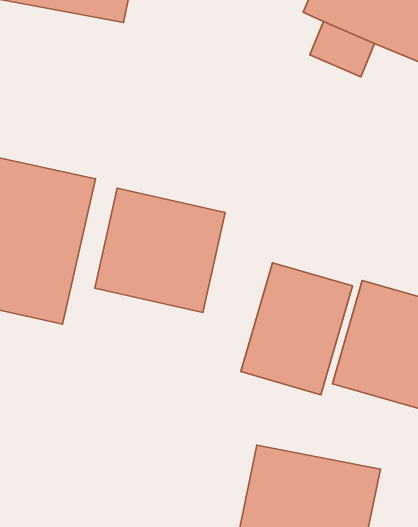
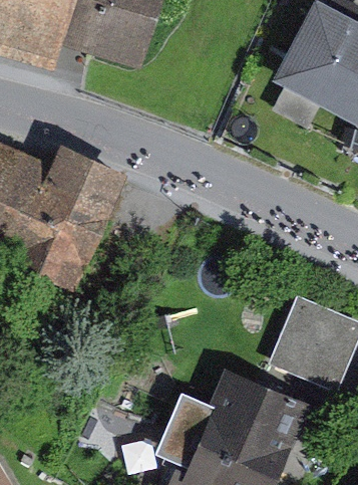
building: [95,188,225,313] -> none
building: [241,263,352,395] -> none

